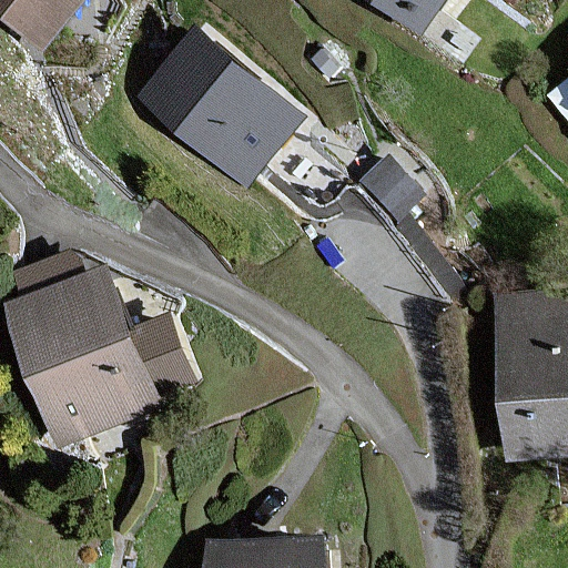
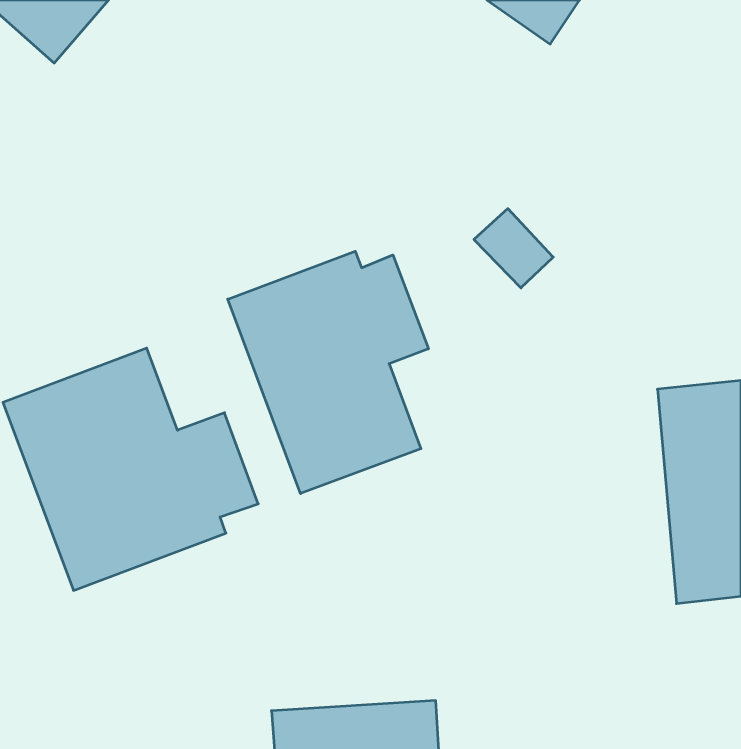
building: [138,31,294,180] -> none
building: none -> [228,251,428,494]

